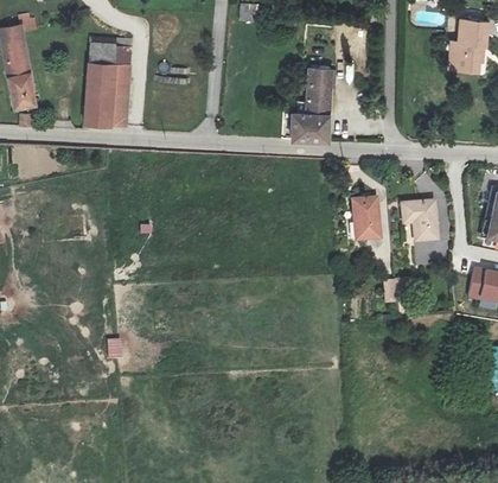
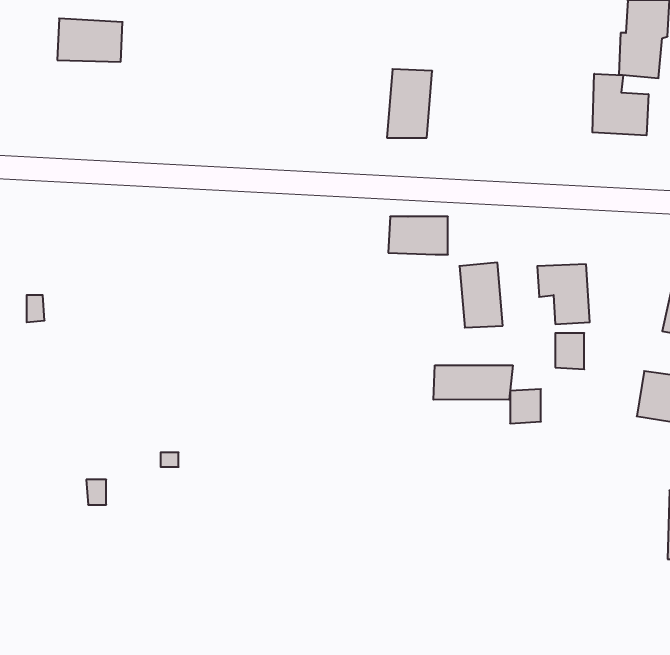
building: [84,63,130,125] -> none
building: none -> [592,74,648,135]
building: [292,114,331,139] -> [388,217,448,255]
building: none -> [433,365,513,400]

